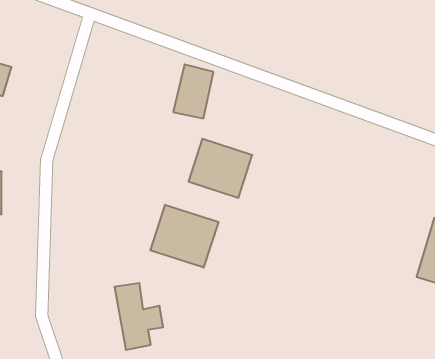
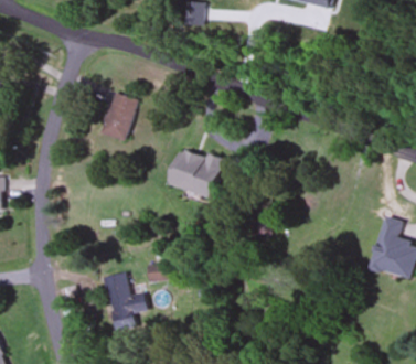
building: [173,64,213,118] -> [102,93,137,140]
building: [150,205,218,268] -> none

